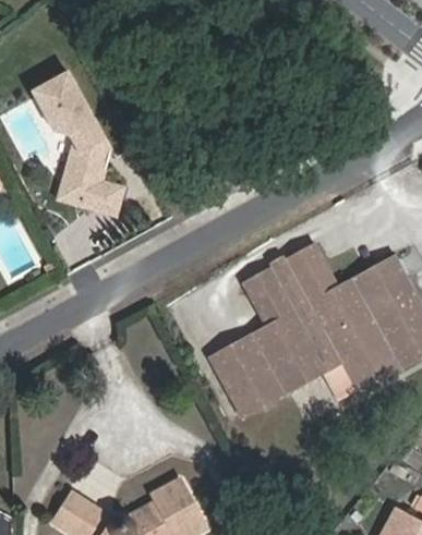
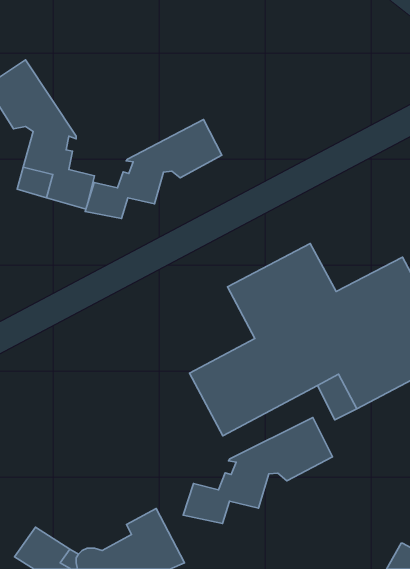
building: none -> [85,119,222,219]
building: none -> [183,418,332,523]

